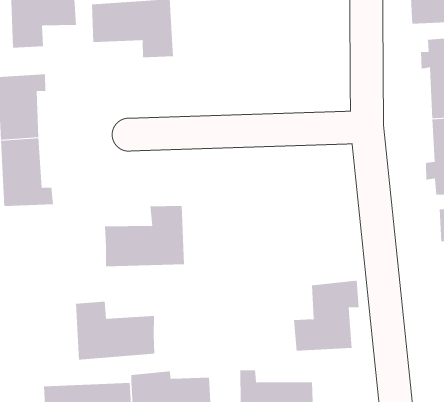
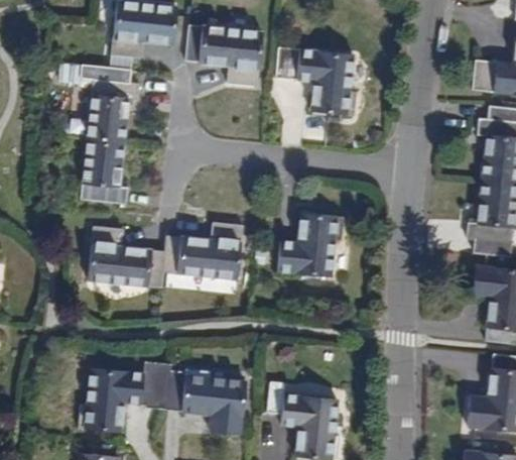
building: none -> [270,46,354,116]
building: [293,280,359,351] -> [279,208,346,271]
building: [75,301,155,360] -> [90,228,166,285]

